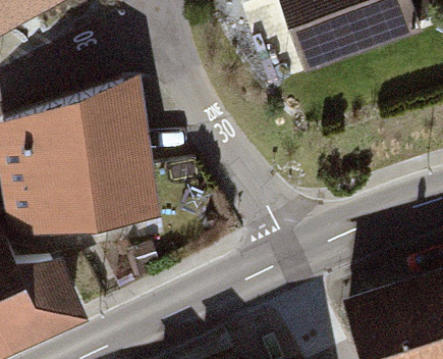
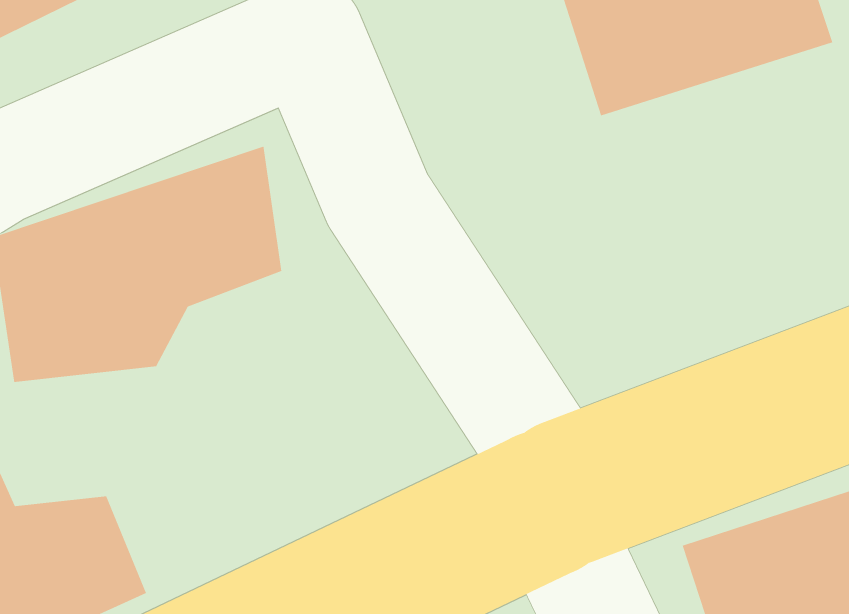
building: [10,148,160,238] -> none

